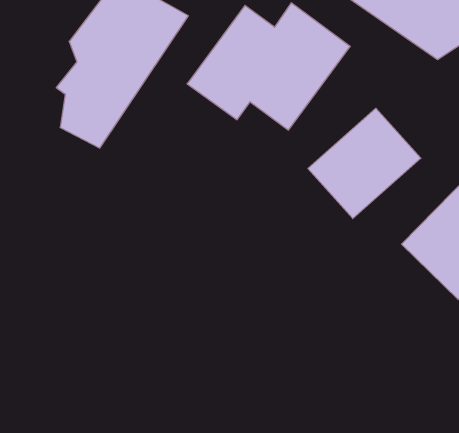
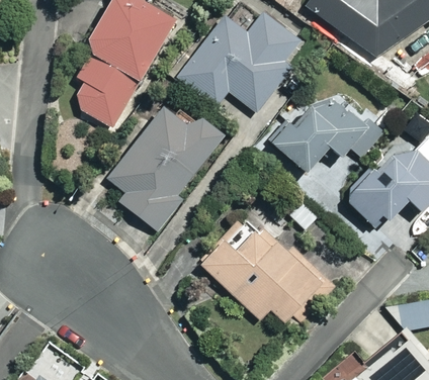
building: none -> [111,106,226,230]
building: none -> [204,212,330,324]

